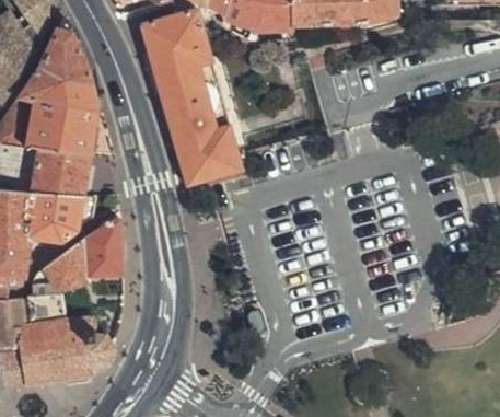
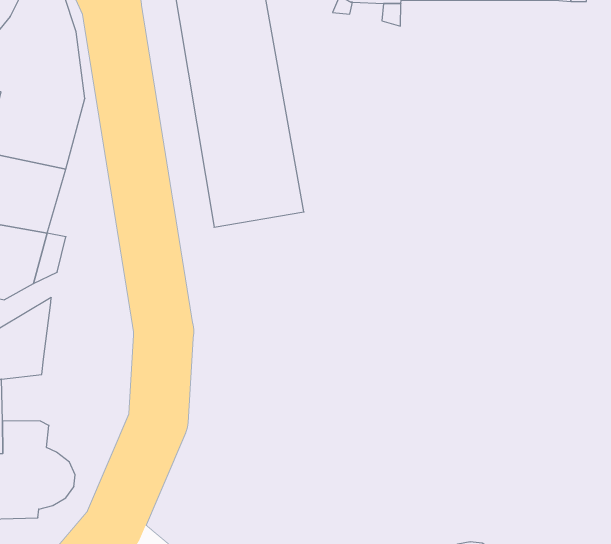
building: [85,219,117,276] -> none

